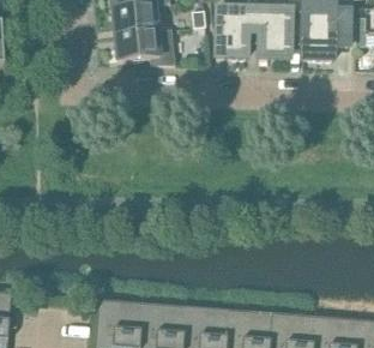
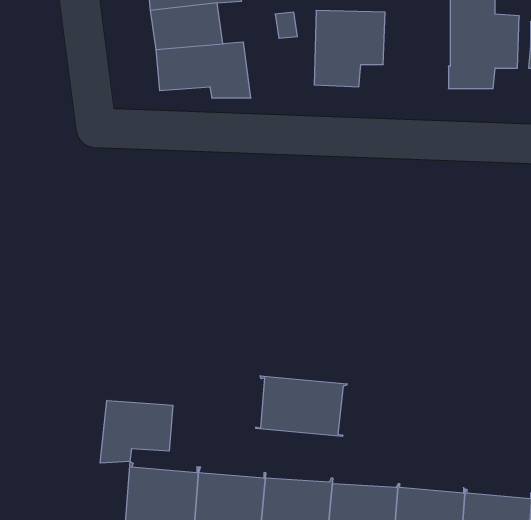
building: [260,10,304,59] -> none
building: none -> [256,376,347,436]
building: none -> [100,400,173,463]

